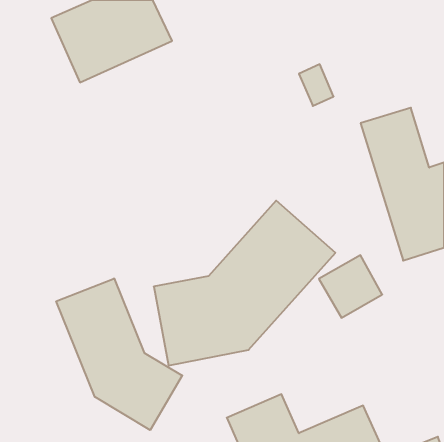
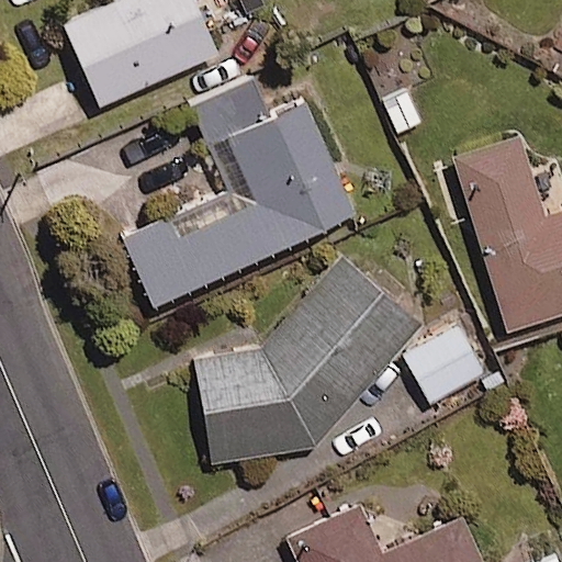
building: none -> [122,77,353,310]
building: [56,278,182,430] -> none

